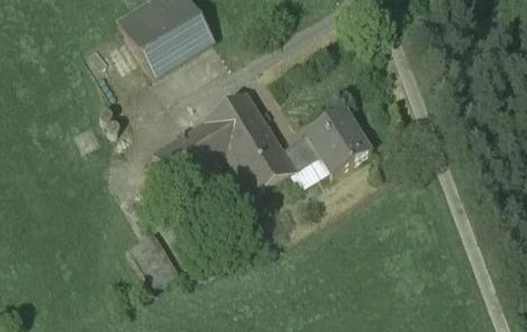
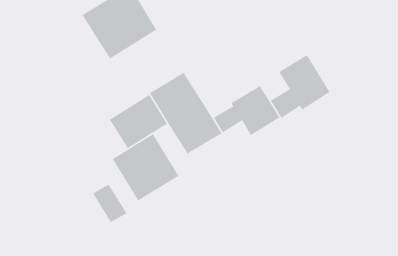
building: none -> [270,54,331,119]
building: none -> [112,133,179,201]

